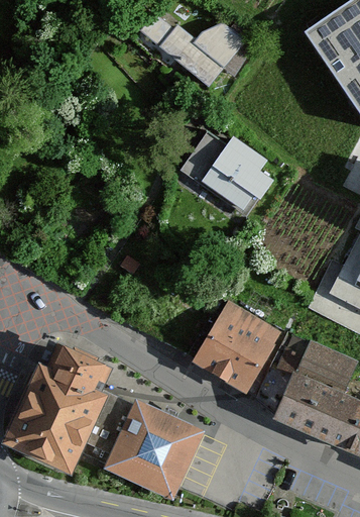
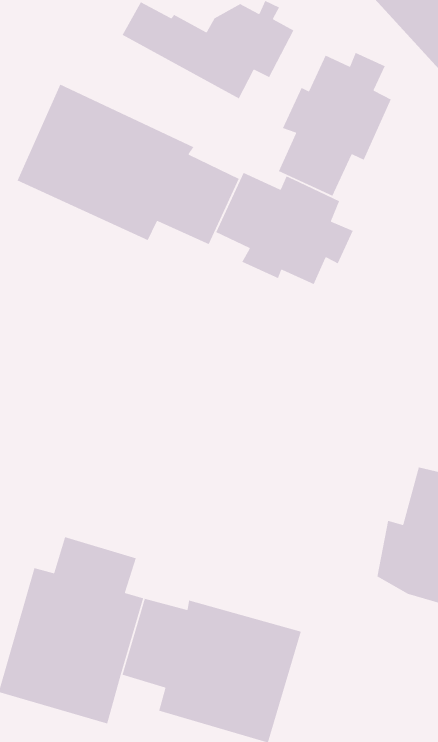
building: none -> [16,84,240,245]
building: none -> [278,52,392,197]
building: [194,302,281,402] -> none

